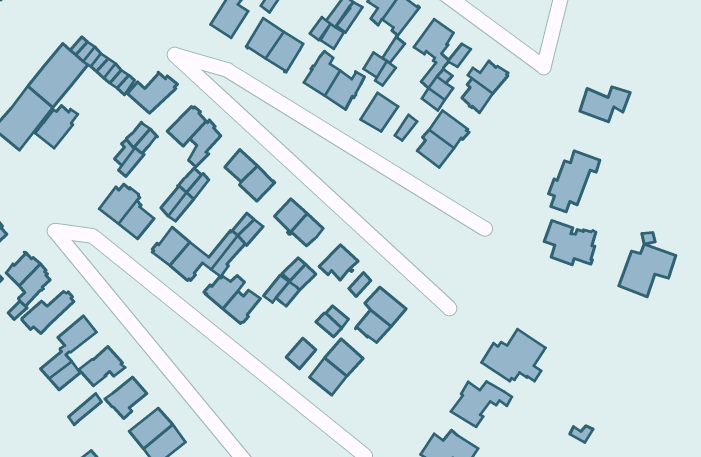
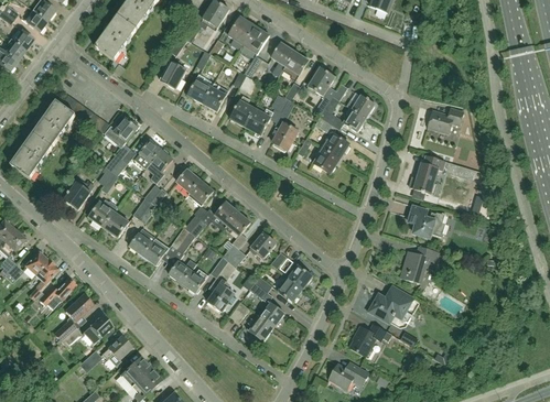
building: [35,106,78,148] -> [64,178,94,209]
building: [619,244,676,297] -> [401,246,441,283]
building: none -> [207,279,236,311]

